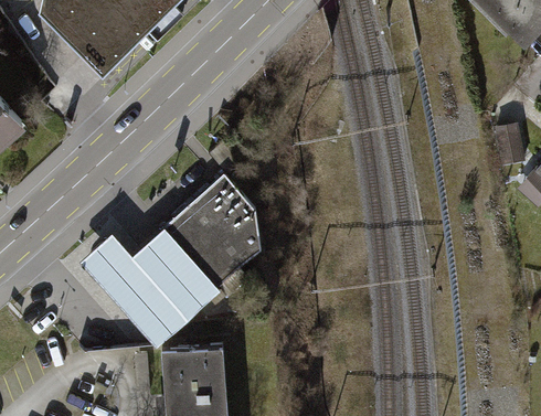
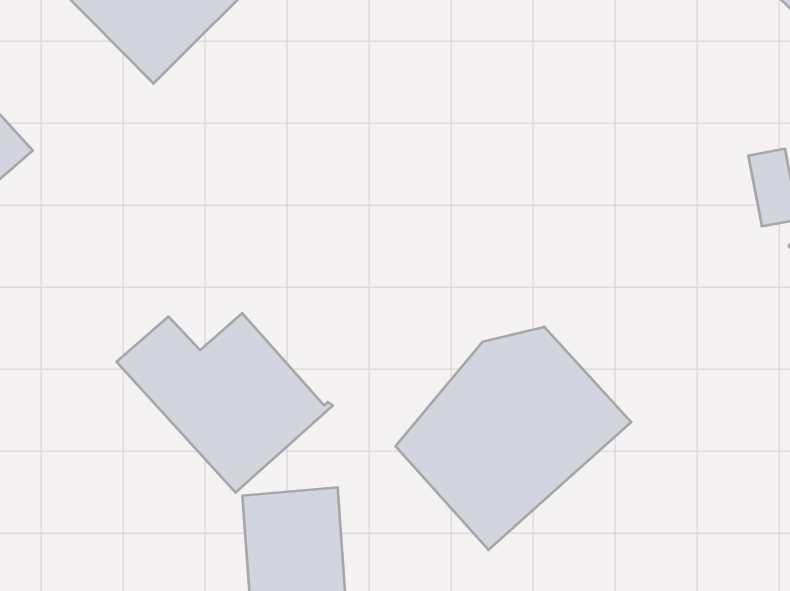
building: [161,174,262,291] -> none
building: none -> [396,327,631,550]

